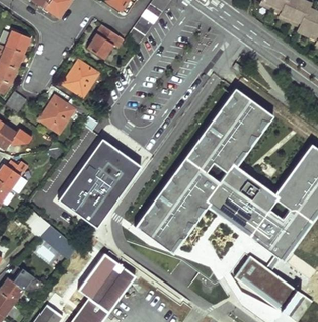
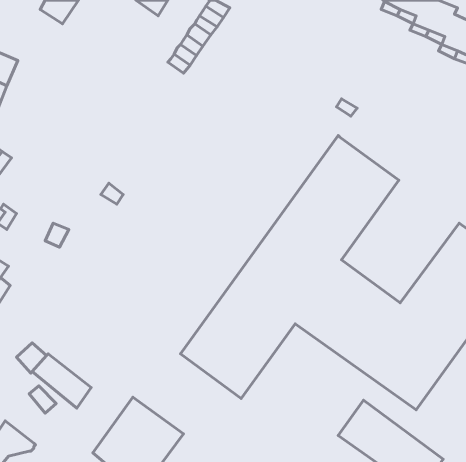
building: [86,26,123,59] -> none
building: [63,64,97,96] -> none
building: [38,100,90,132] -> none
building: [58,138,142,228] -> none

